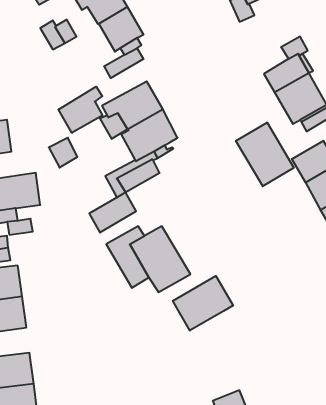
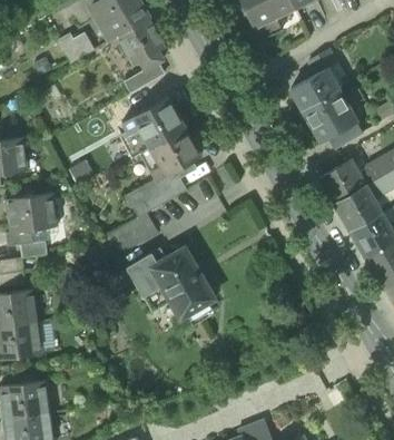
building: [58,87,102,133] -> none
building: [236,122,294,186] -> none
building: [173,276,233,331] -> none

